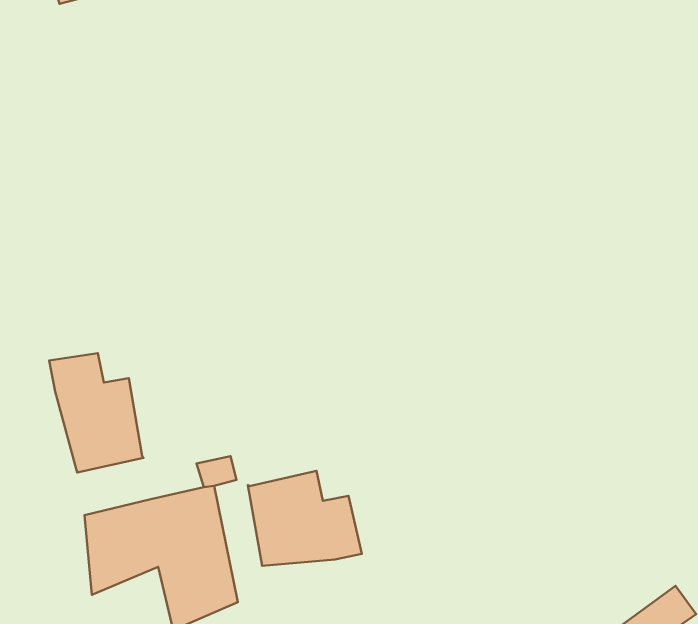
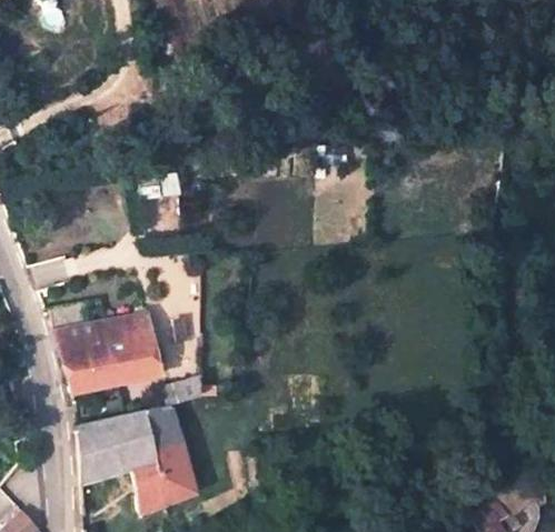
building: none -> [111,315,161,383]
building: [248,471,362,566] -> none

